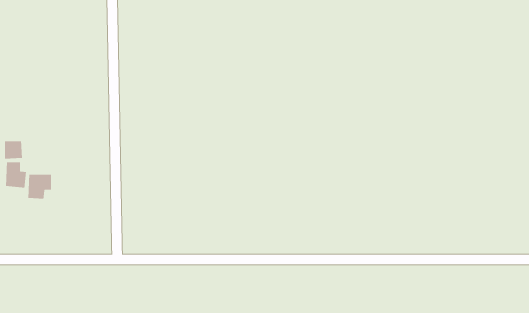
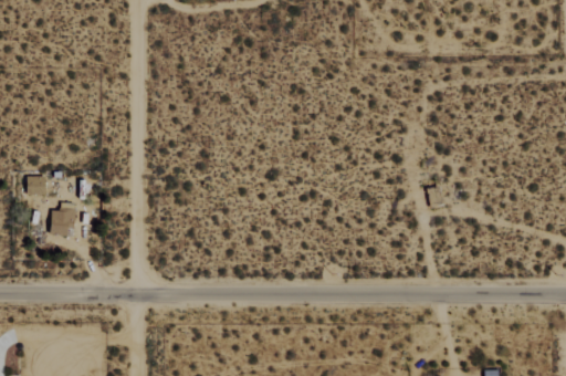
building: [5,162,27,188] -> none

